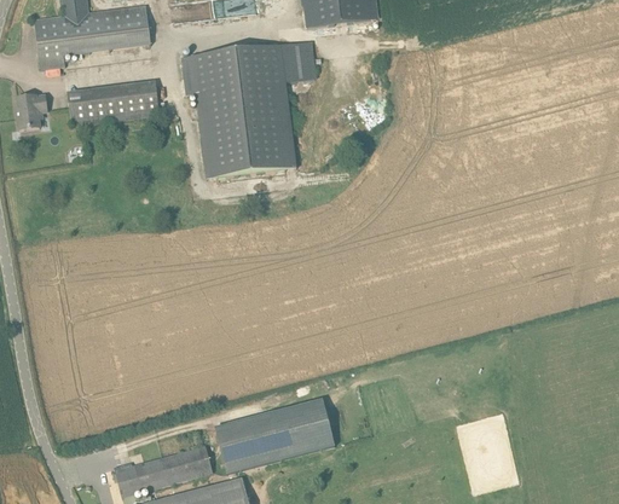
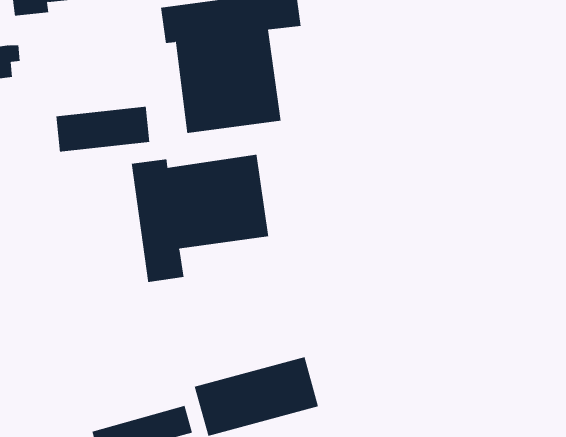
building: [68,79,160,123] -> [55,106,150,152]
building: none -> [131,154,269,283]

